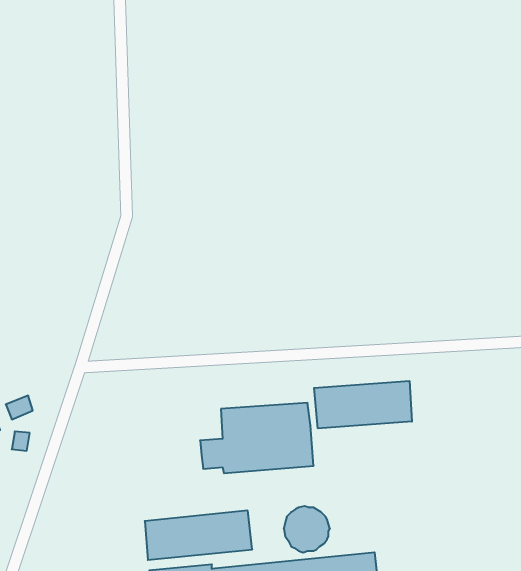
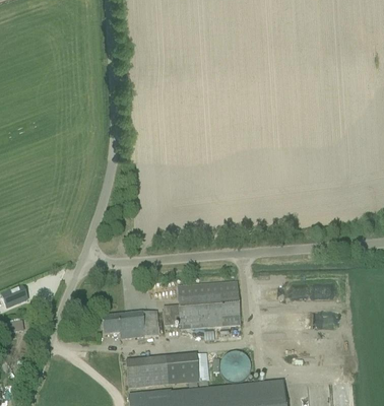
building: [314,381,412,428] -> none
building: none -> [102,311,159,338]

